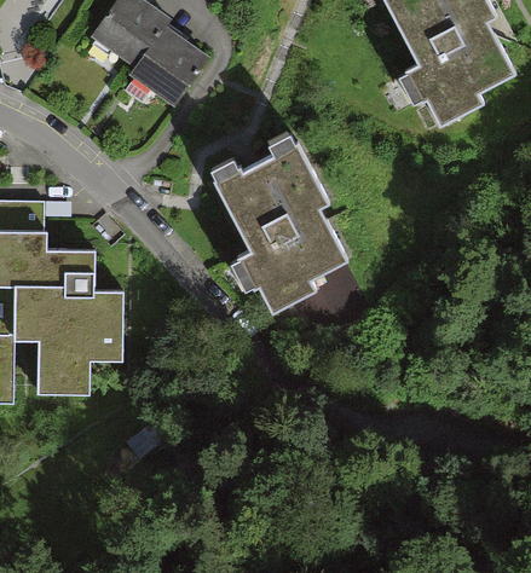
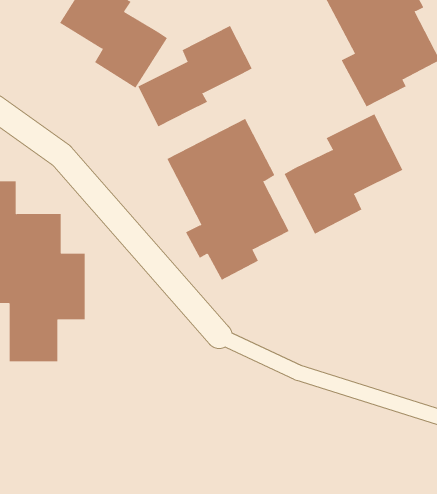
building: none -> [137,25,253,127]
building: none -> [284,113,403,234]

